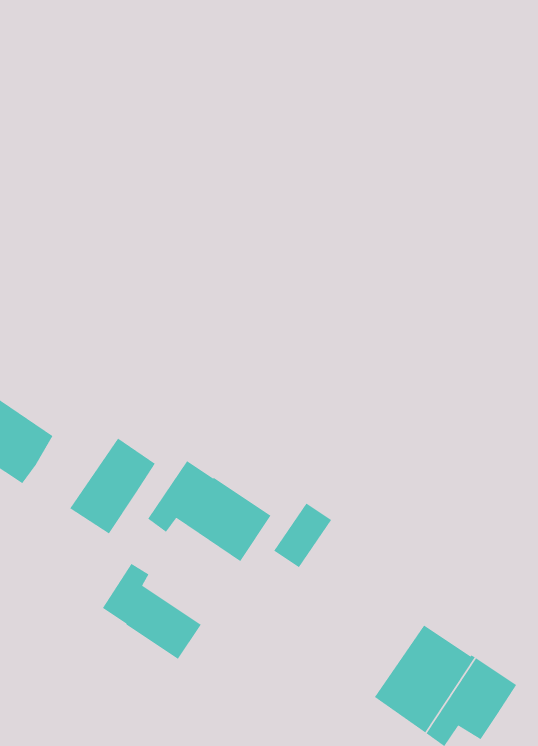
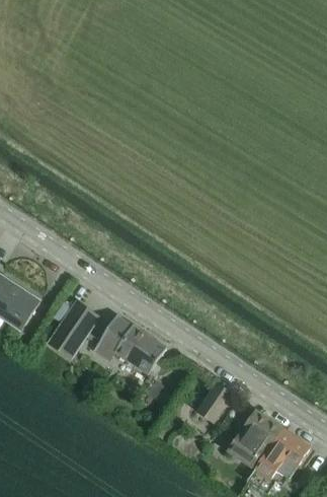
building: [273,503,332,568] -> [197,383,232,422]
building: [102,563,202,660] -> none

